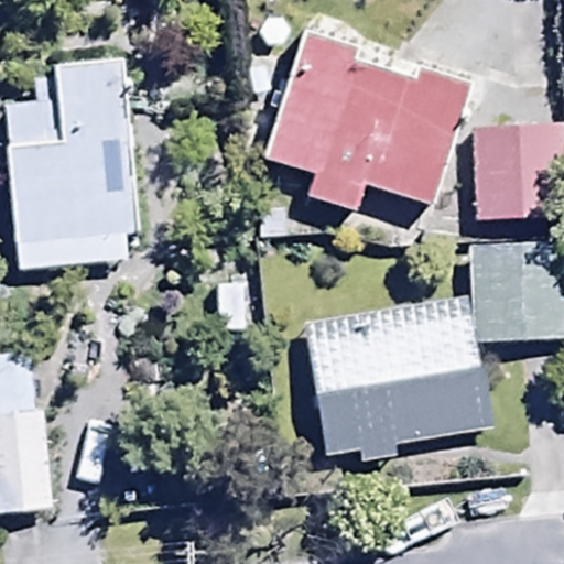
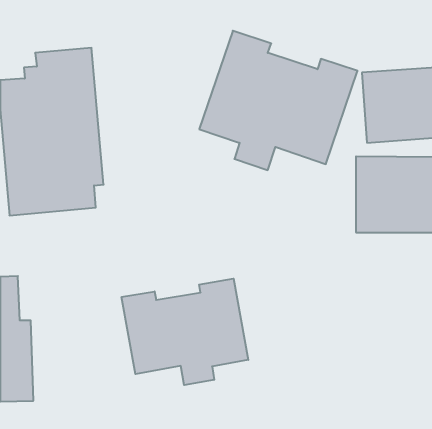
building: [304,275,475,430] -> none
building: none -> [122,279,248,385]

